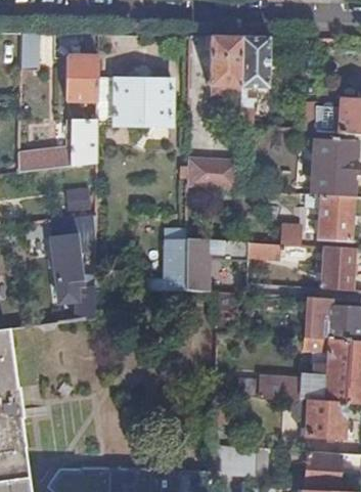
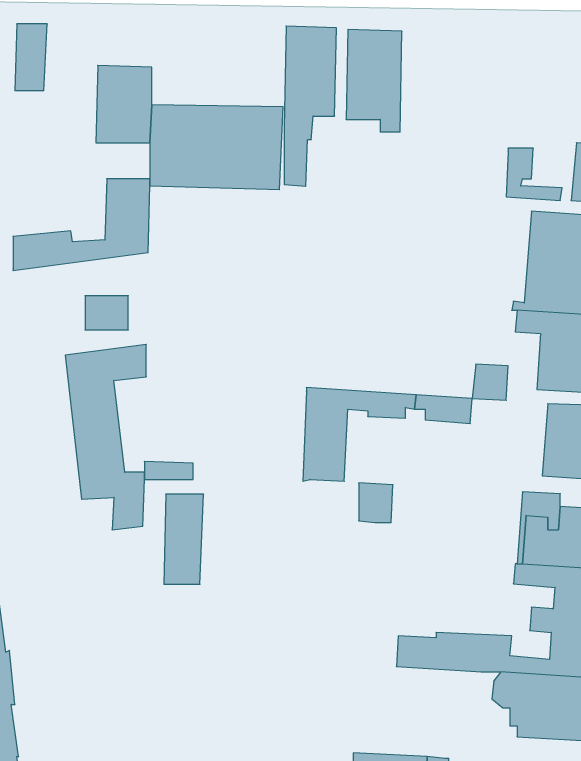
building: [240,35,270,126] -> [284,26,336,186]
building: [187,154,239,188] -> none
building: [165,239,187,290] -> [164,494,204,584]

